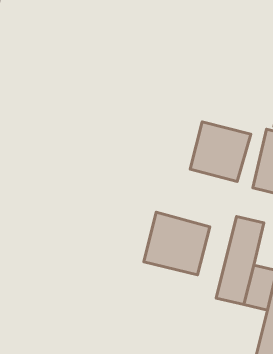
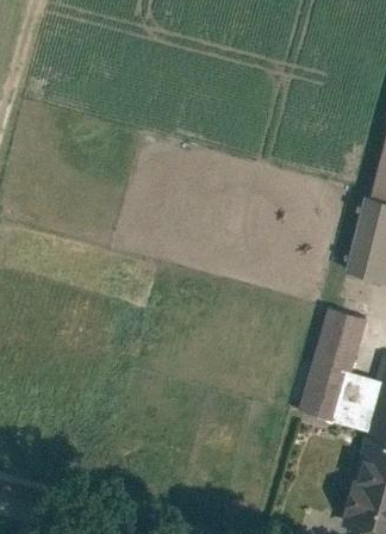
building: [190,122,251,182] -> none
building: [144,212,210,275] -> none

